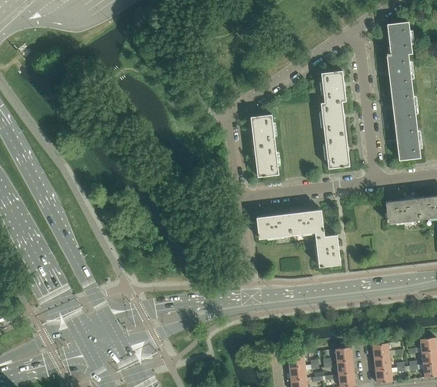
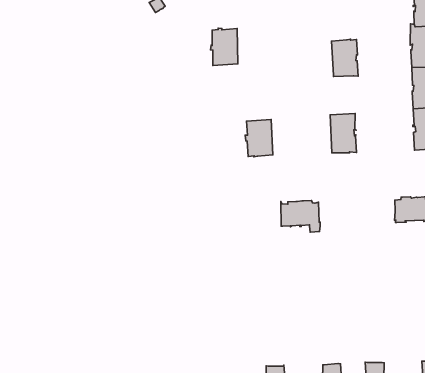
building: [321,101,346,136] -> none
building: [251,114,275,147] -> [211,28,238,65]
building: [257,213,291,238] -> none
building: [316,235,340,267] -> none

